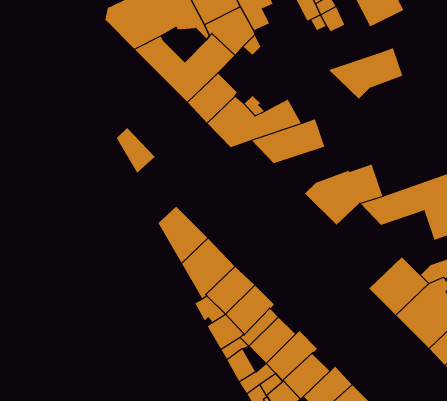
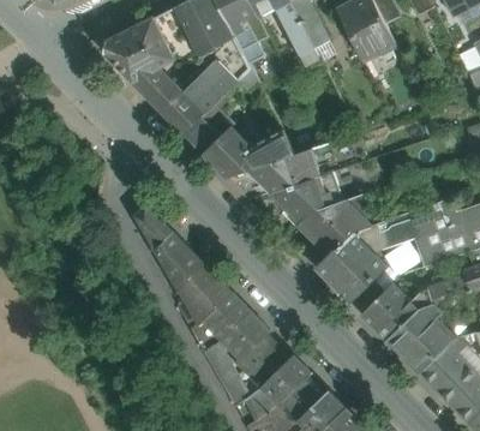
building: [328,48,403,99] -> [268,172,341,222]
building: [116,127,155,174] -> [134,205,173,251]
building: none -> [314,232,386,304]

